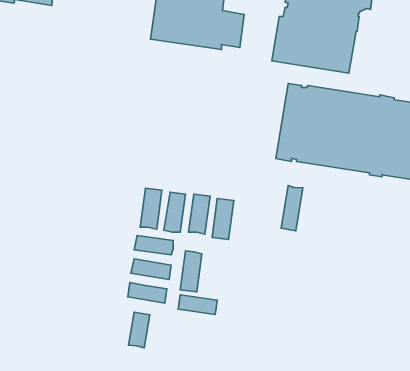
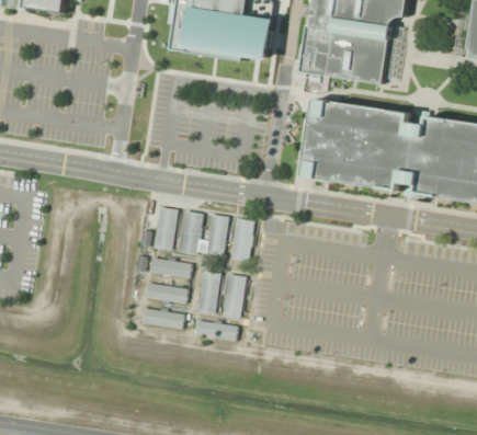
building: [281,185,303,231] -> none
building: none -> [225,275,248,318]
building: [129,312,150,348] -> none

